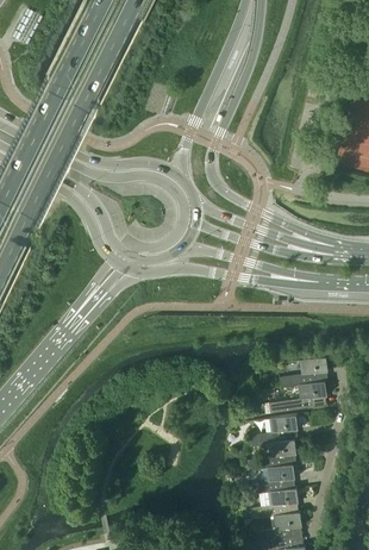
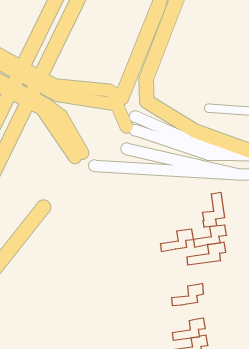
building: none -> [203,192,225,227]
building: [250,414,296,445] -> [160,229,193,251]
building: [246,463,293,494] -> none

